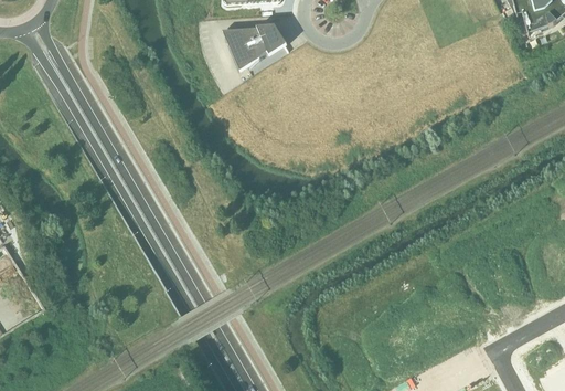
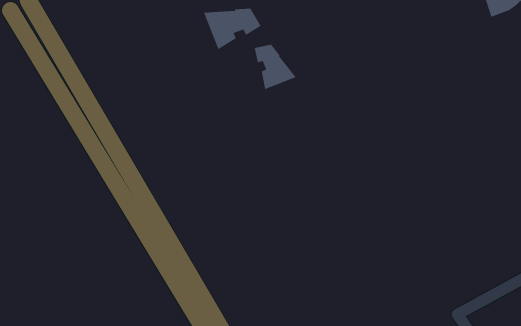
building: none -> [254,44,296,90]

